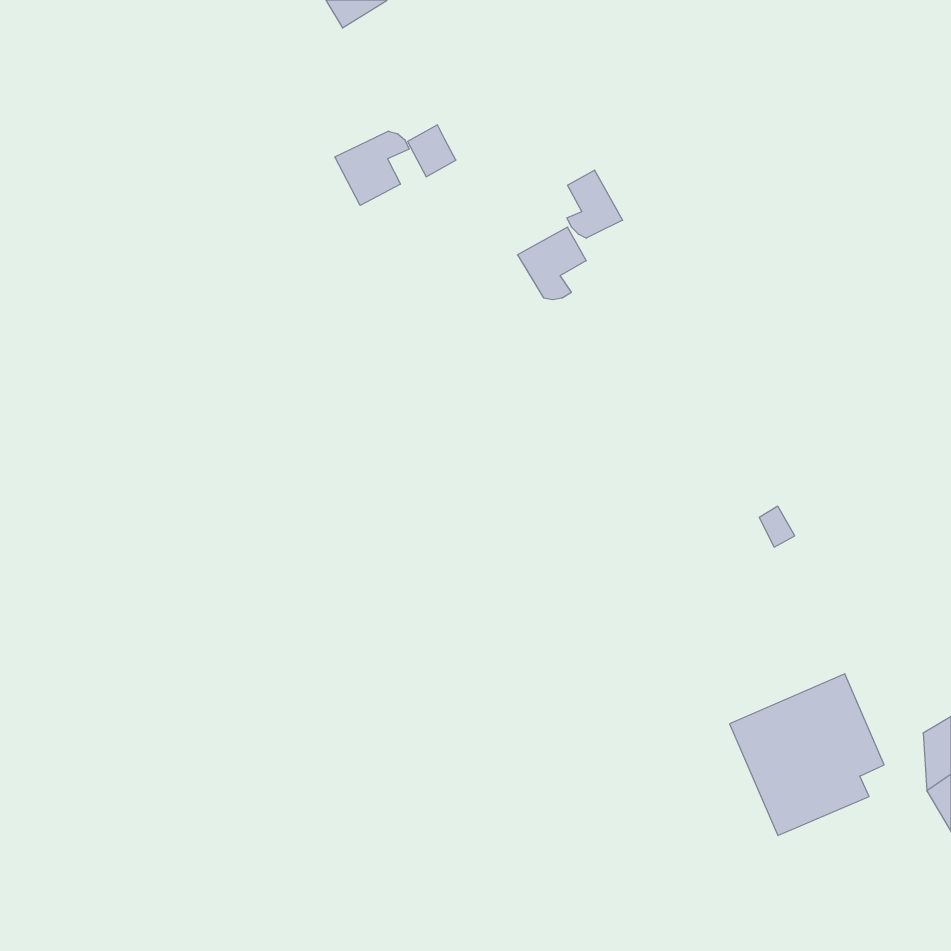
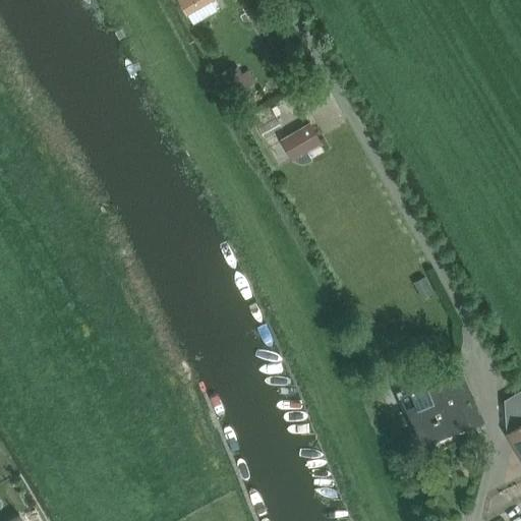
building: [335,131,409,205] -> none
building: [567,170,623,238] -> none

